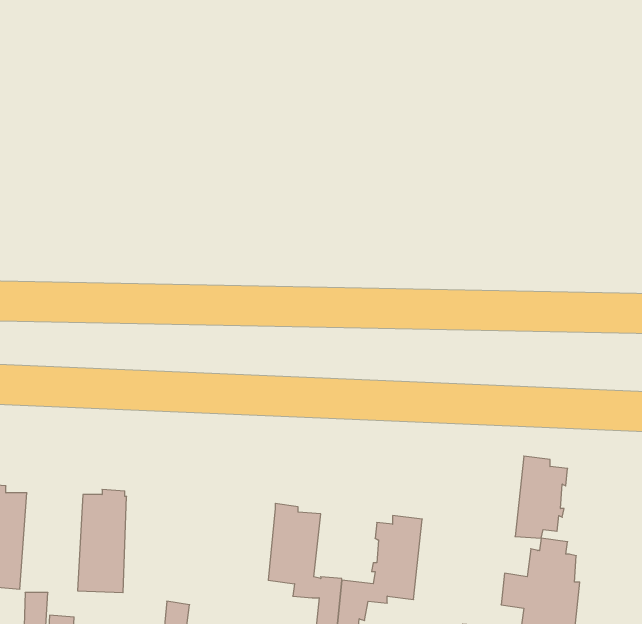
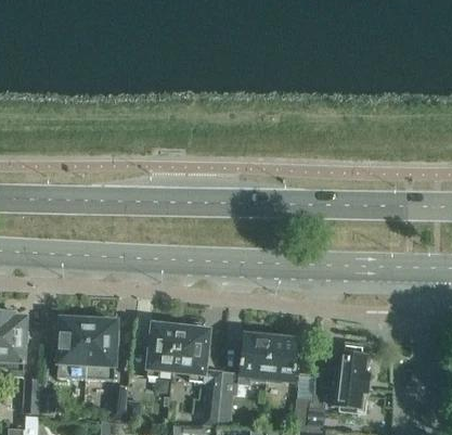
building: [515,456,568,538] -> [266,332,298,383]
building: none -> [86,315,119,380]
building: none -> [146,322,180,376]

